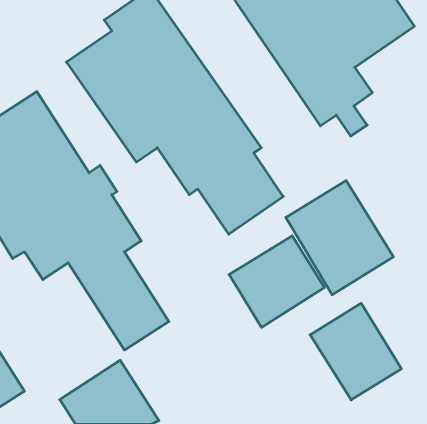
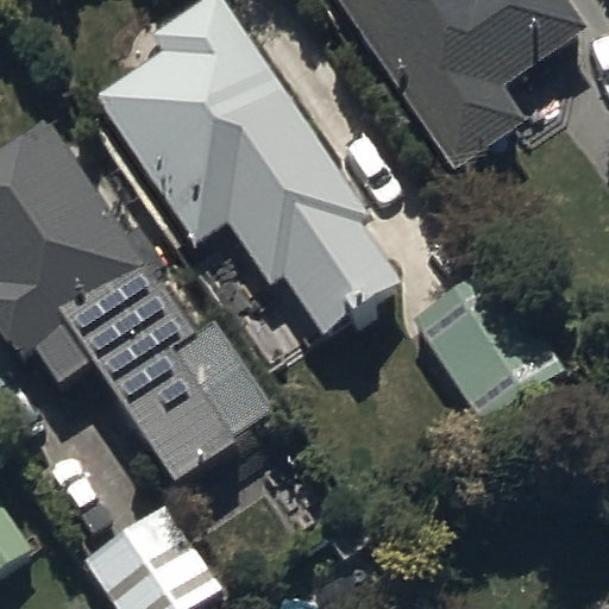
building: [229,236,324,327] -> none
building: [310,303,401,400] -> none

